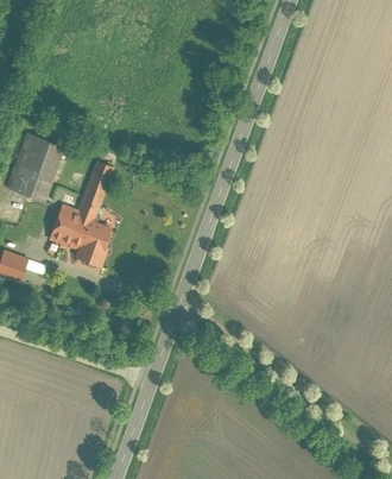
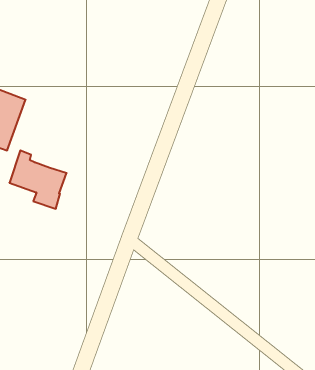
building: [76,160,113,221] -> none

